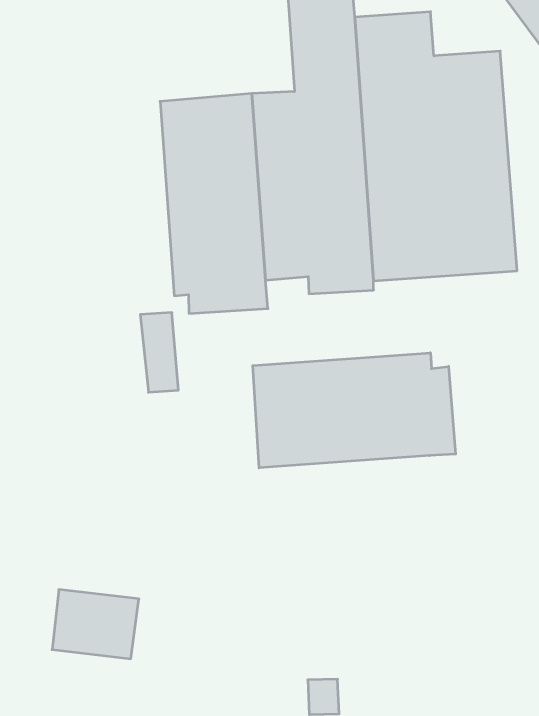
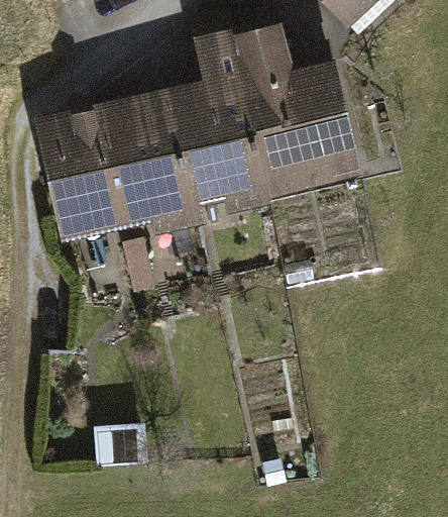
building: none -> [34,99,141,240]
building: [253,353,456,468] -> none

